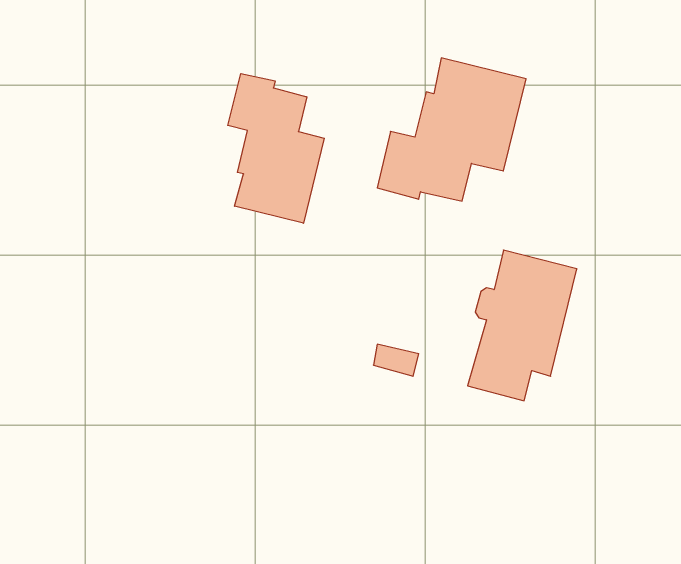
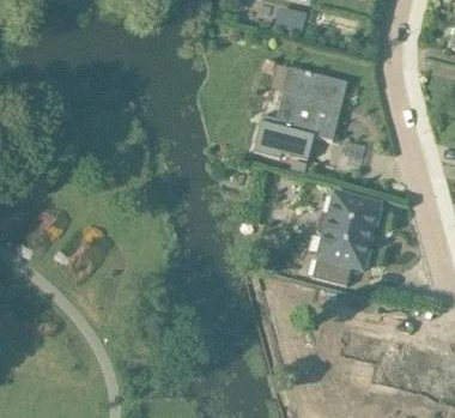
building: [228,74,324,223] -> none

